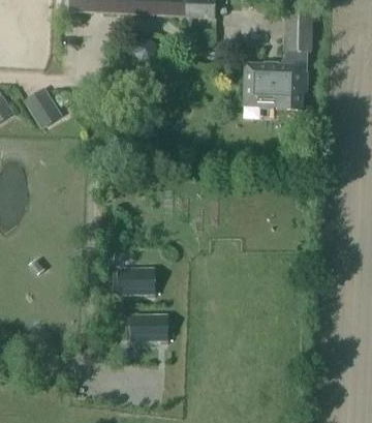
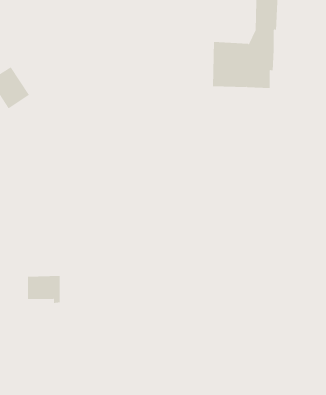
building: [121,268,154,296] -> [27,275,61,304]
building: [134,314,167,341] -> none

